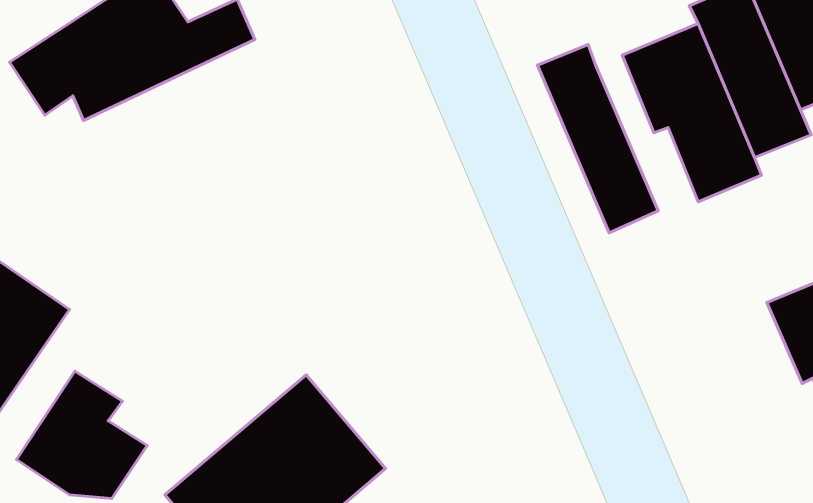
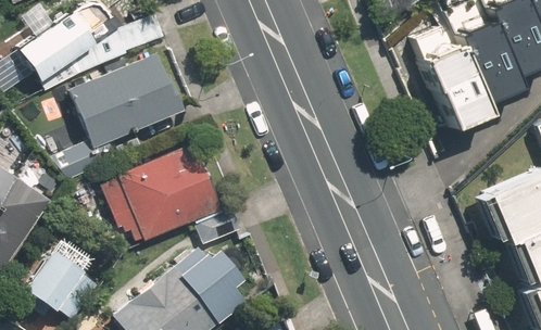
building: [538,44,658,233] -> none
building: none -> [58,50,185,179]
building: none -> [102,145,241,246]

